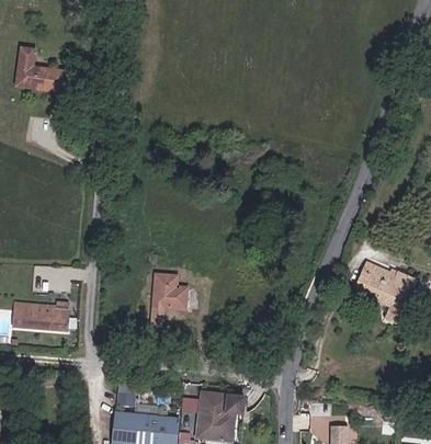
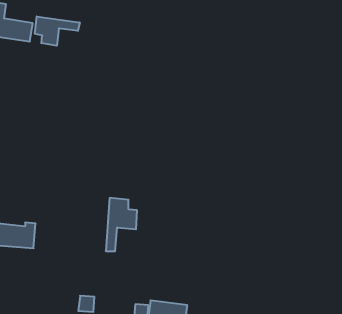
building: none -> [35,16,80,46]
building: [353,261,416,323] -> none

